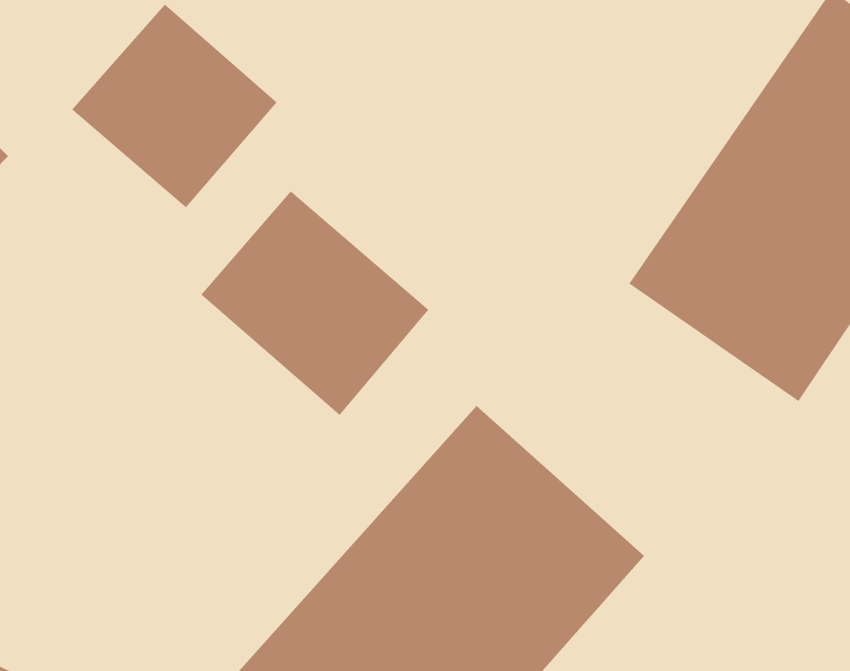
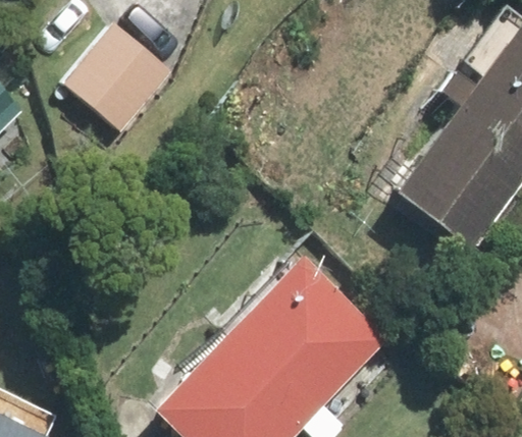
building: [201,191,429,416] -> none

